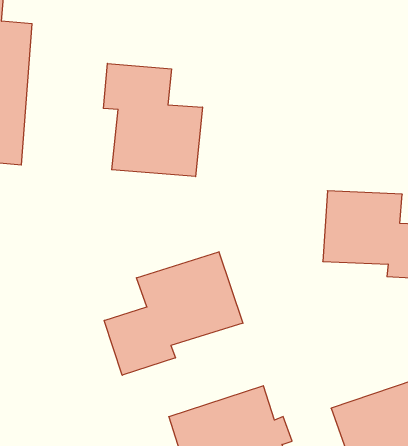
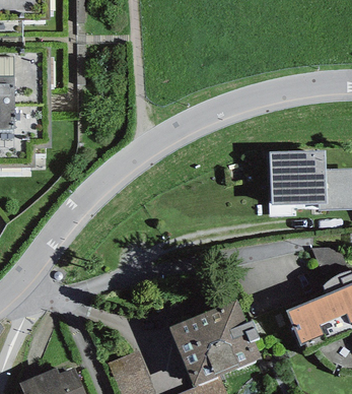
building: [103,63,202,177] -> none
building: [104,252,243,375] -> none

